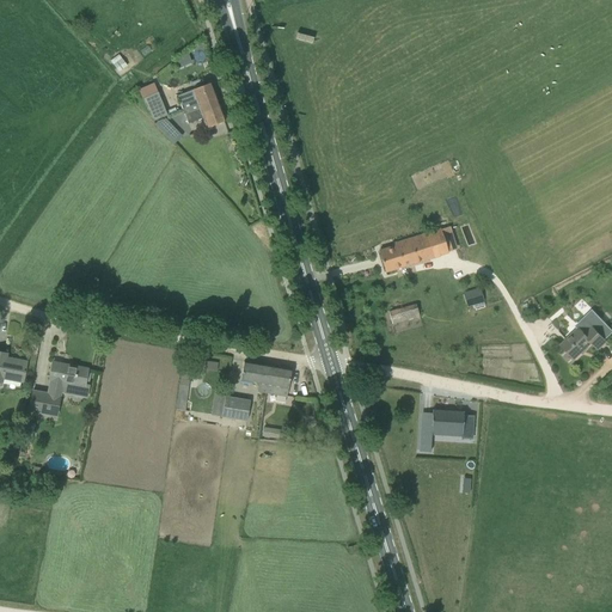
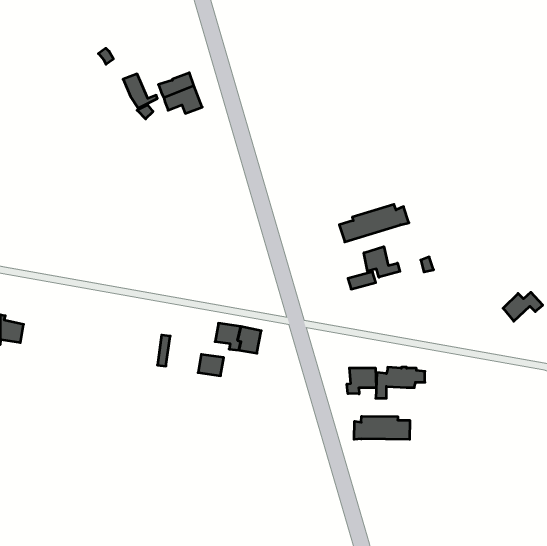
building: none -> [364,247,400,277]
building: [29,361,90,414] -> none
building: none -> [347,368,376,394]
building: none -> [354,416,410,439]

